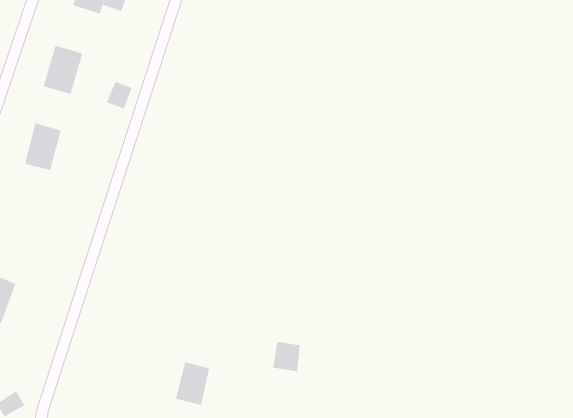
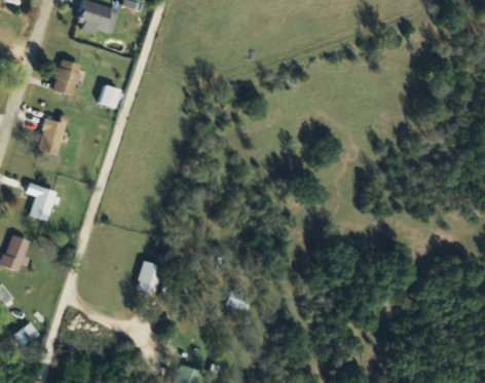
building: none -> [25,182,55,220]
building: [175,361,210,405] -> [135,260,161,294]

